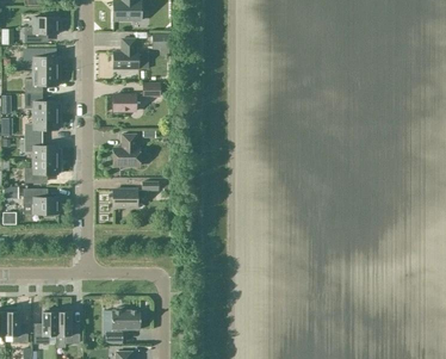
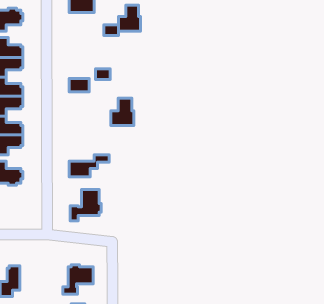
building: [112,39,137,69] -> [118,5,140,31]
building: [112,135,138,166] -> [111,98,134,125]
building: none -> [70,190,101,221]
building: [56,309,78,343] -> none

